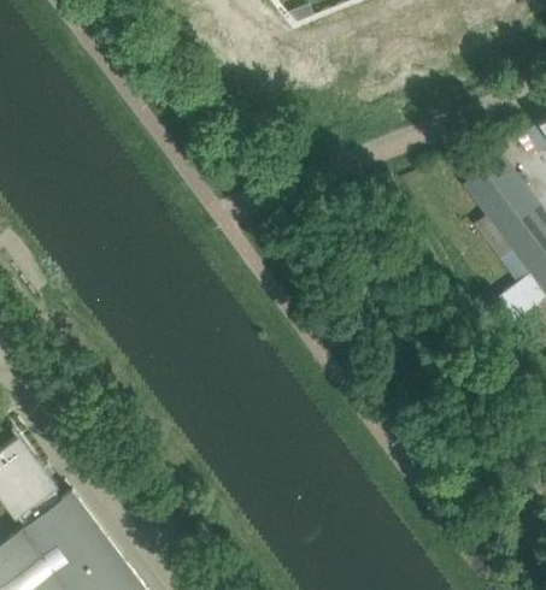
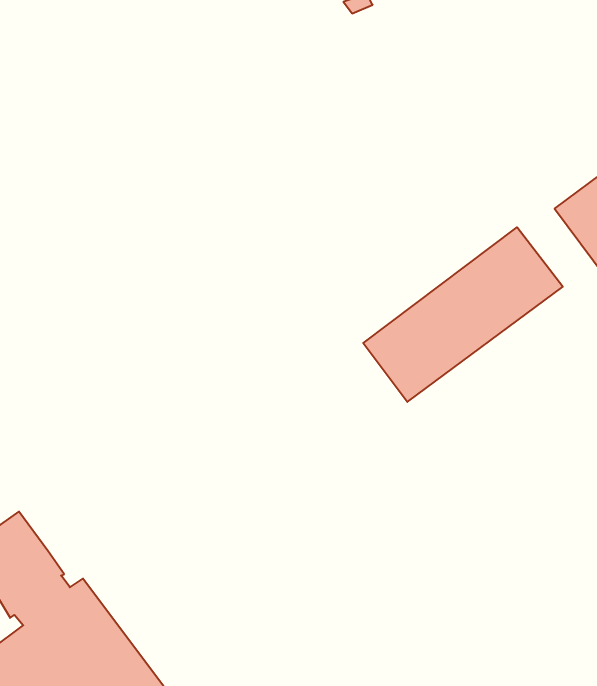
building: none -> [363,227,563,402]

